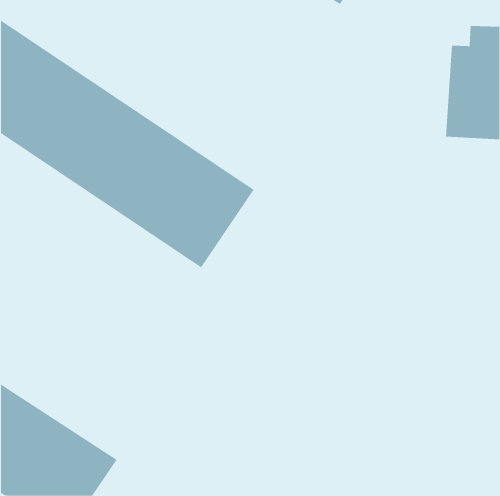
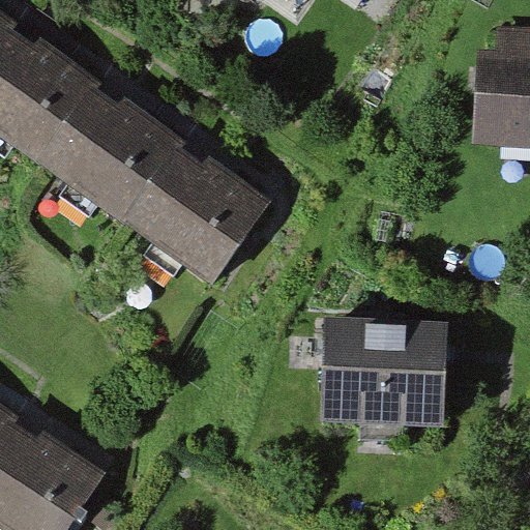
building: none -> [318,314,446,421]

